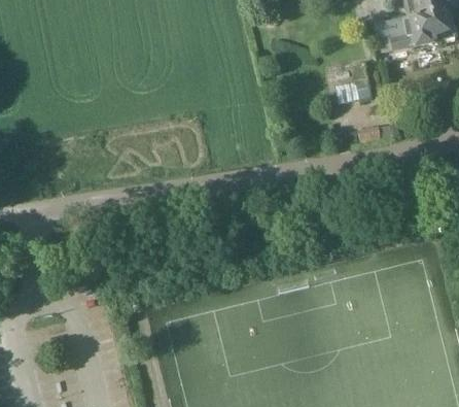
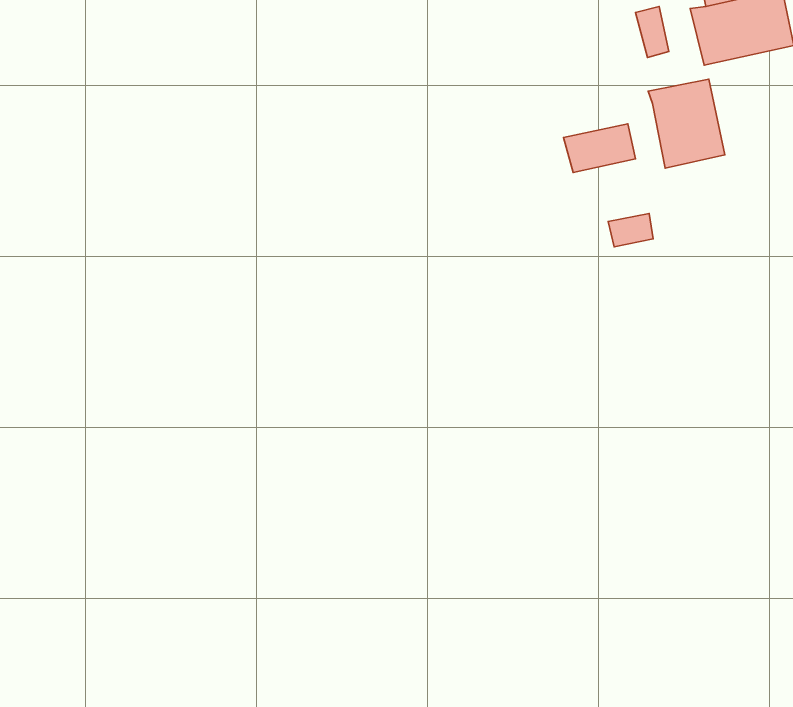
building: none -> [648,79,725,168]

